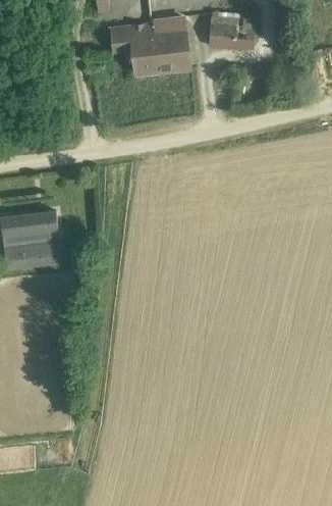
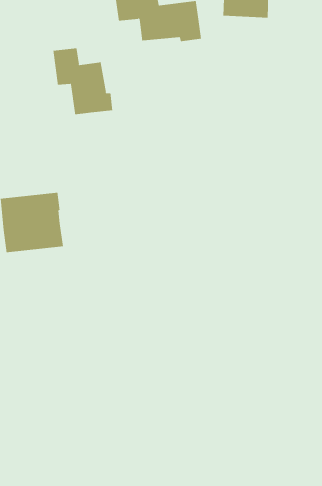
building: none -> [53,47,113,115]

